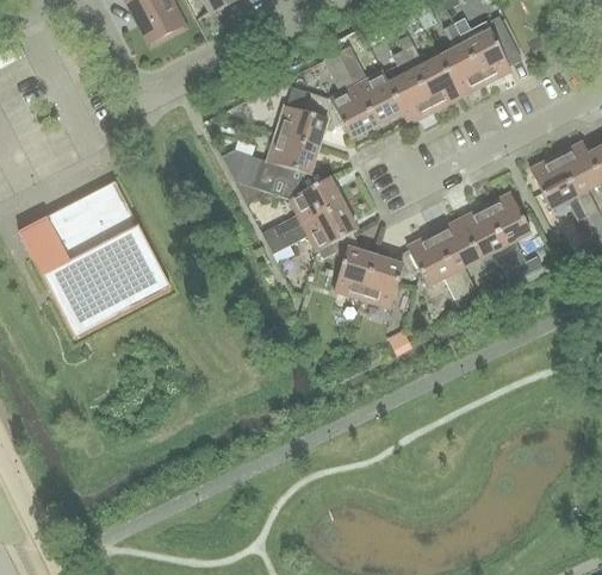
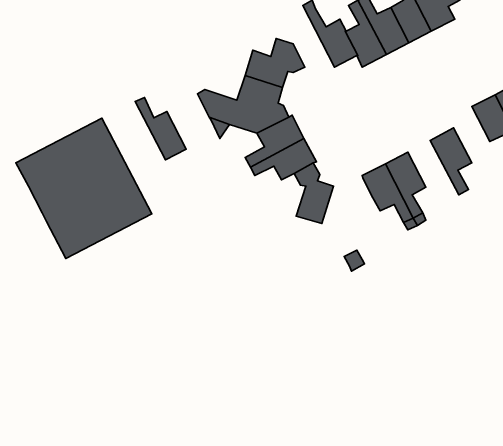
building: [325,54,377,136] -> none
building: none -> [135,97,186,160]
building: [459,205,521,281] -> none
building: [362,248,420,306] -> none

